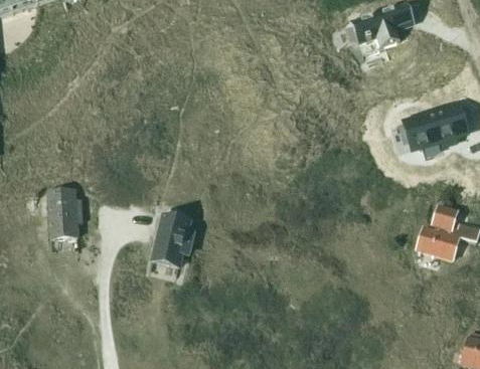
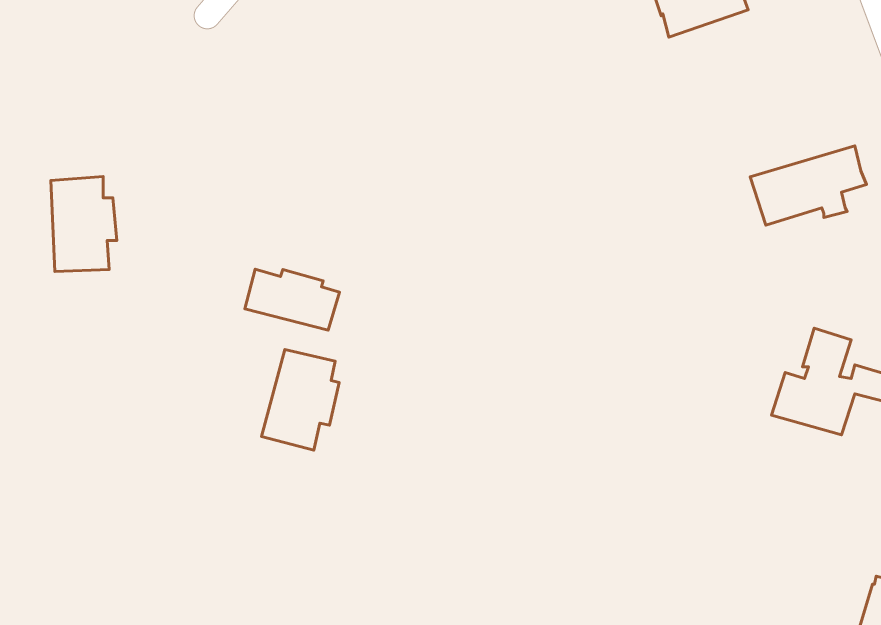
building: none -> [245,269,339,330]
building: [47,188,82,237] -> [51,177,117,272]

